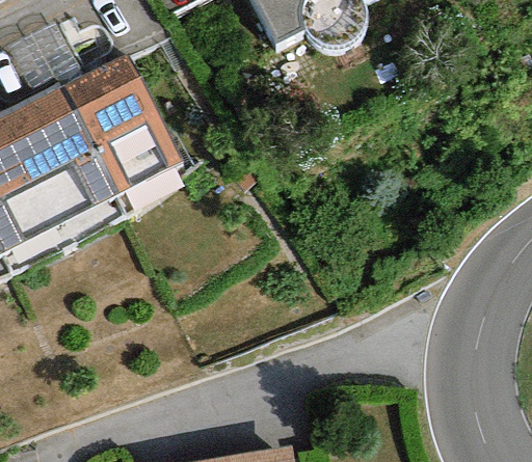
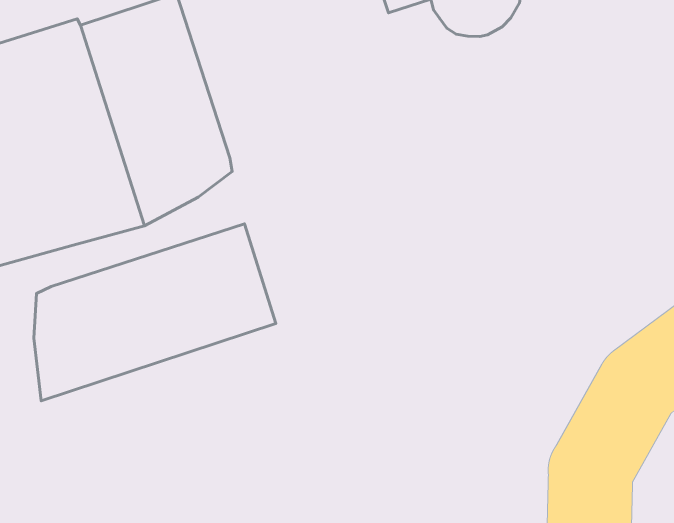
building: none -> [34,224,276,401]

